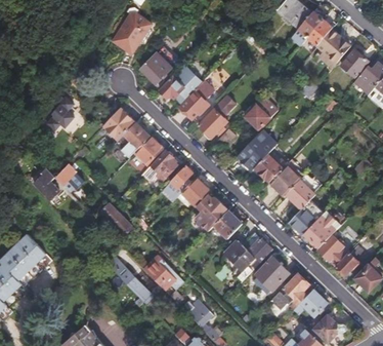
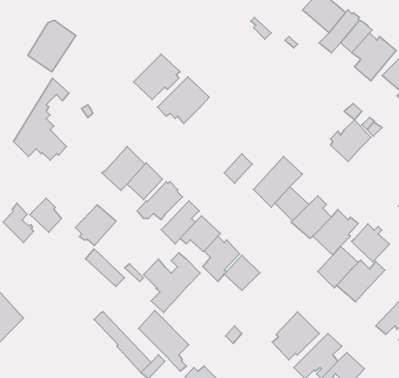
building: [112,11,151,53] -> [28,20,76,72]
building: [178,80,213,118] -> none
building: [197,95,235,139] -> none
building: [244,95,276,129] -> [330,120,371,162]
building: [101,108,134,141] -> [76,205,116,245]
building: [225,233,271,281] -> [143,253,200,312]
building: [317,235,348,266] -> [352,224,389,262]

